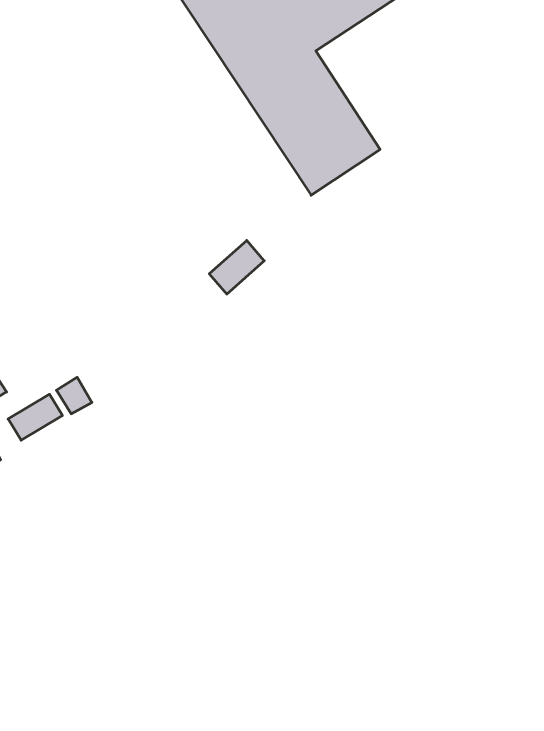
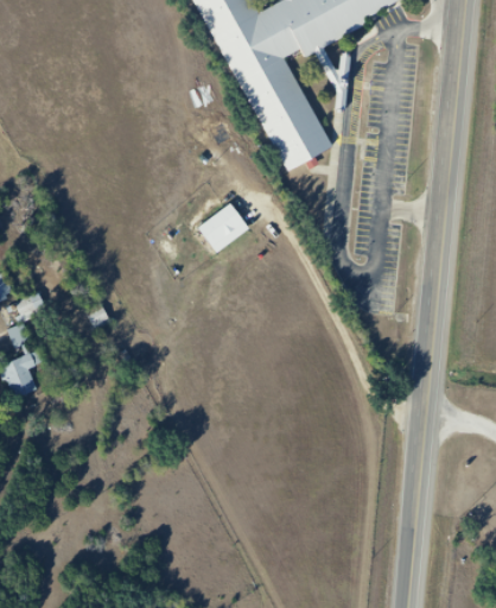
building: [8,394,62,440] -> none

